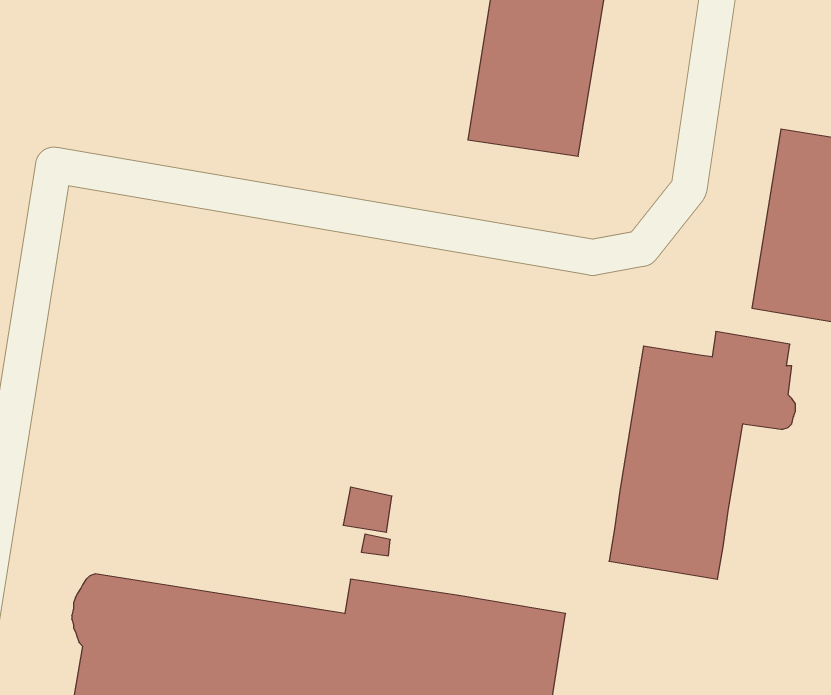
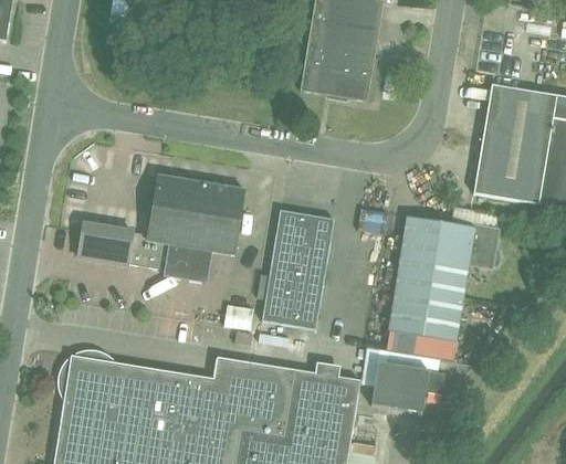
building: none -> [77,173,244,282]
building: none -> [261,209,334,328]
building: none -> [369,360,446,412]

